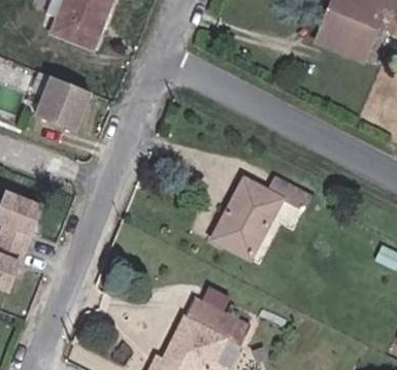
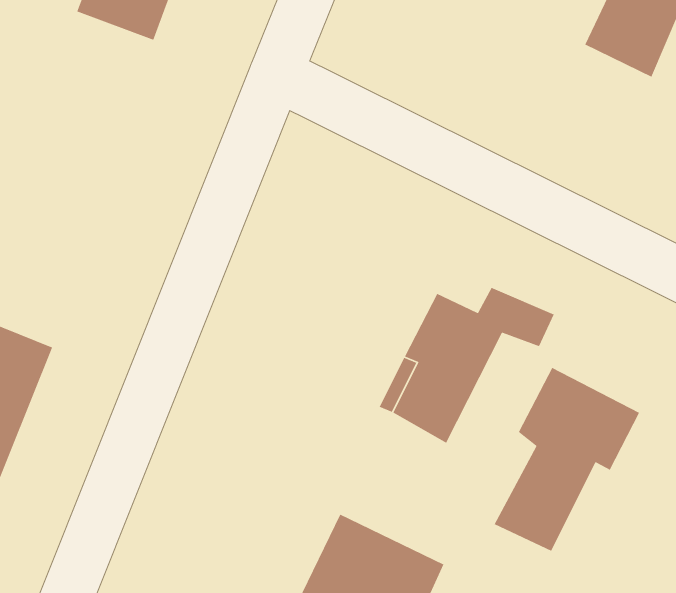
building: [33,73,87,128] -> none
building: none -> [493,367,640,552]

